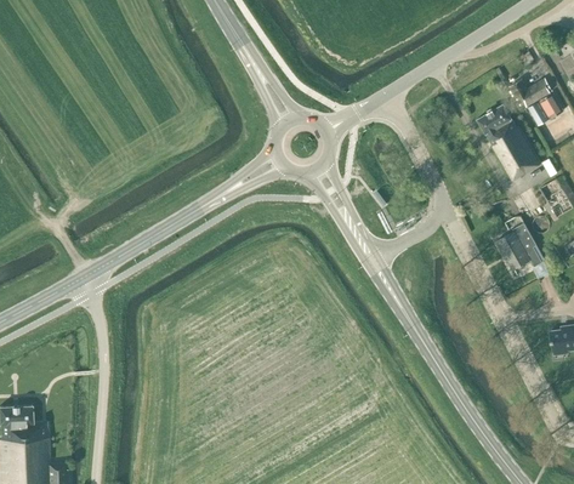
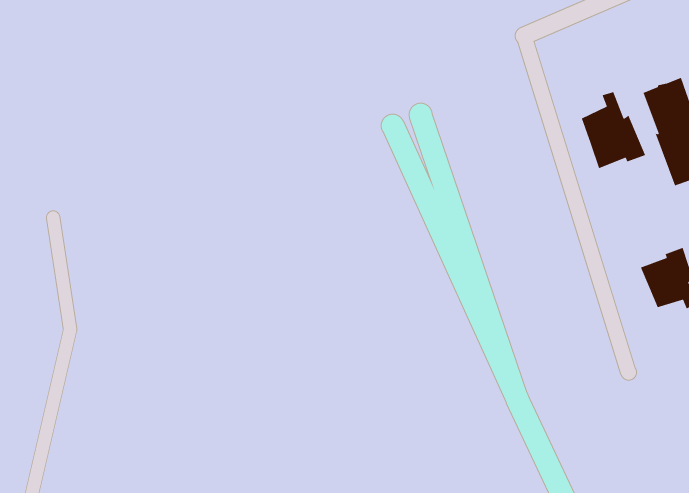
building: none -> [581,91,646,169]

